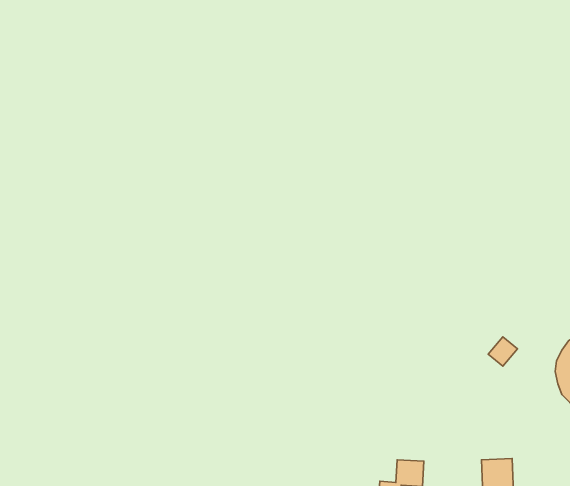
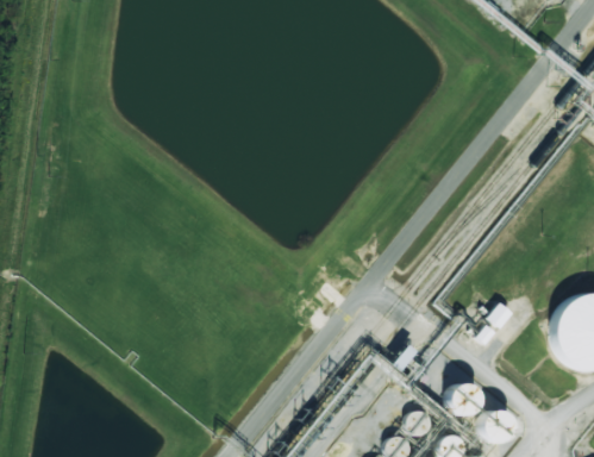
building: none -> [450,383,479,413]

